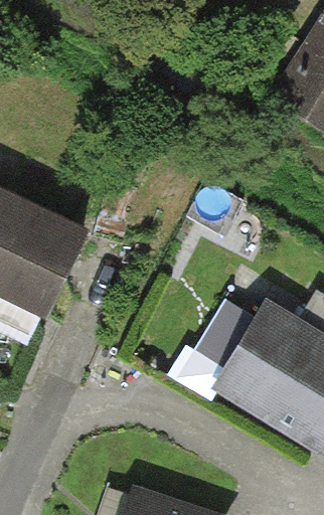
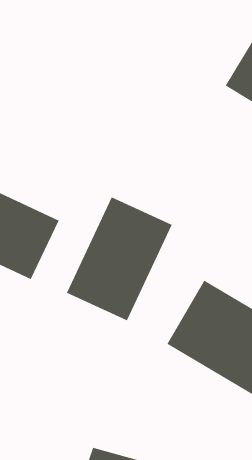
building: none -> [66,196,172,321]

